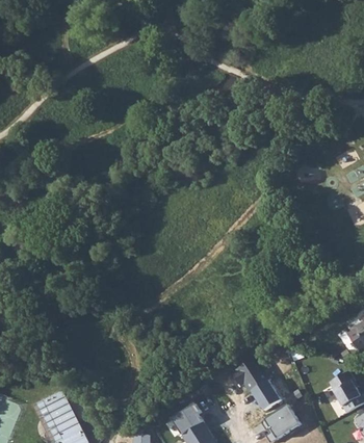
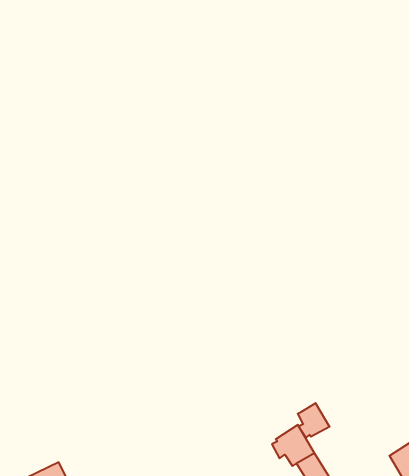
building: none -> [298,403,330,437]

